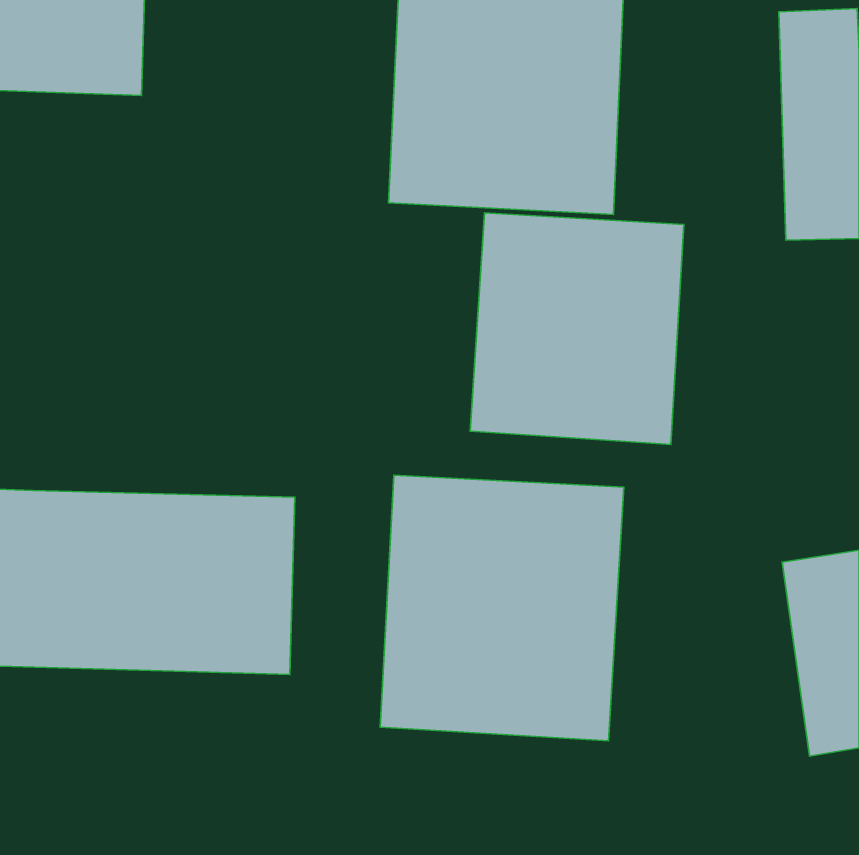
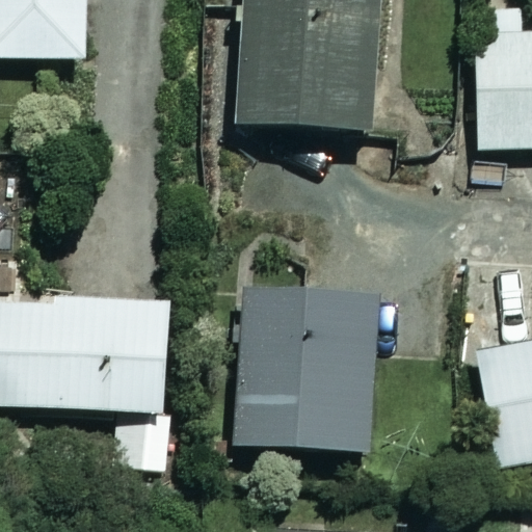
building: [470,213,684,445] -> none

